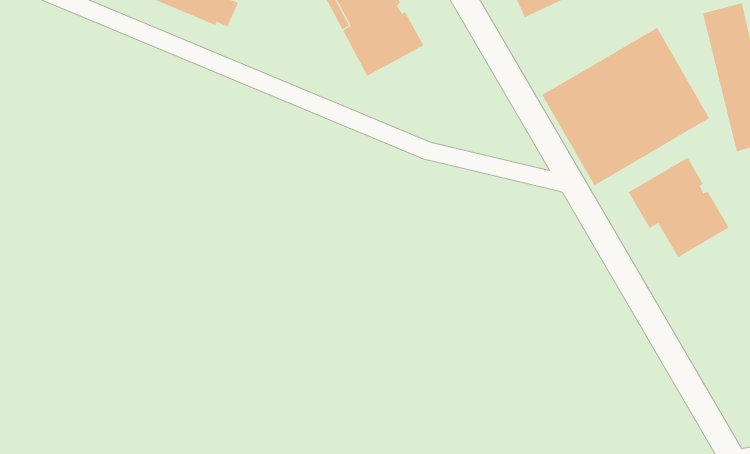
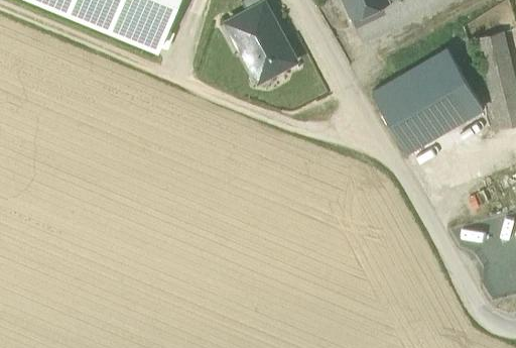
building: [628,157,730,258] -> none

